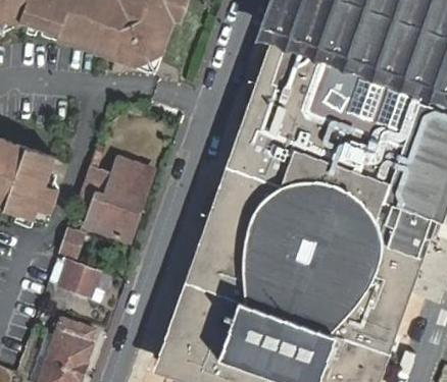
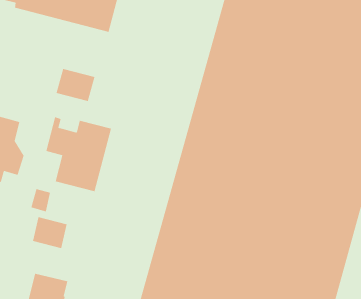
building: none -> [56,68,95,102]

